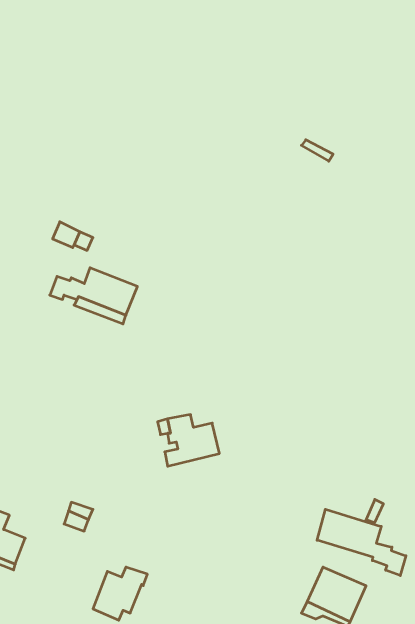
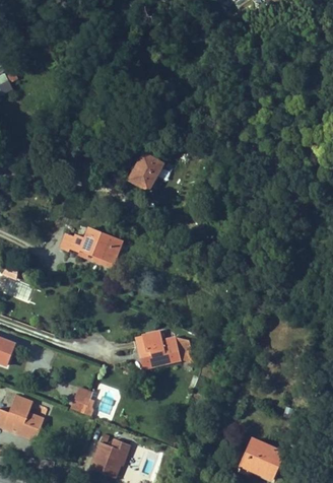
building: none -> [129,151,163,189]
building: [317,509,406,576] -> none

